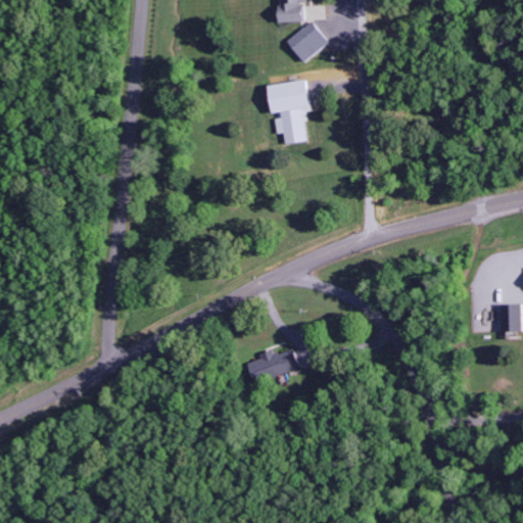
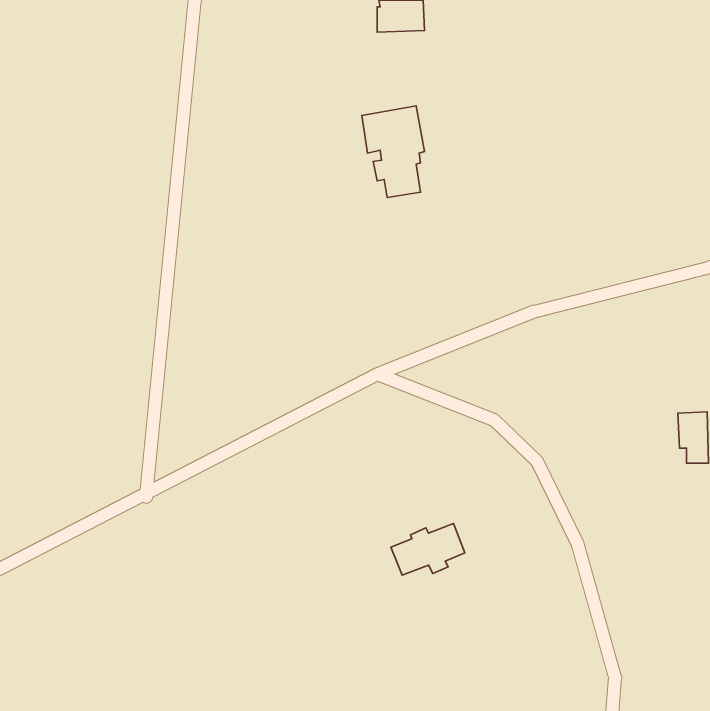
building: [286,27,319,58] -> none
building: [245,346,299,384] -> [391,524,465,575]

